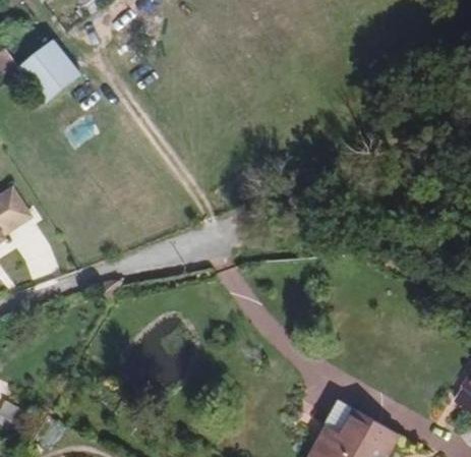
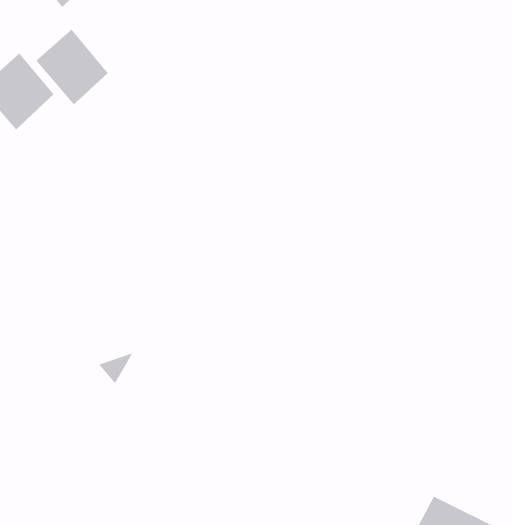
building: none -> [35,29,109,105]

